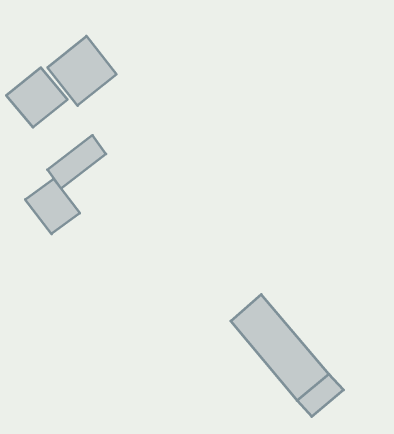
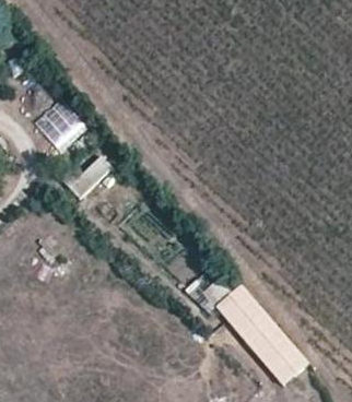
building: [48,36,116,106] -> none
building: [25,179,80,234] -> none

